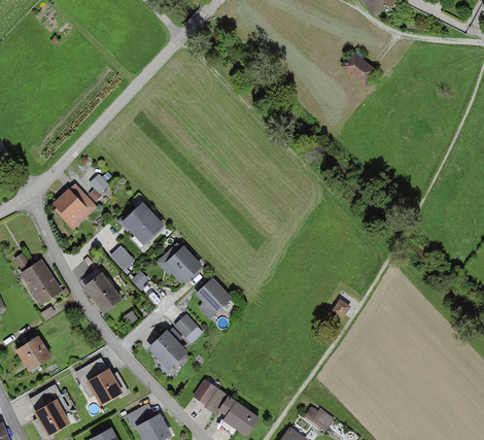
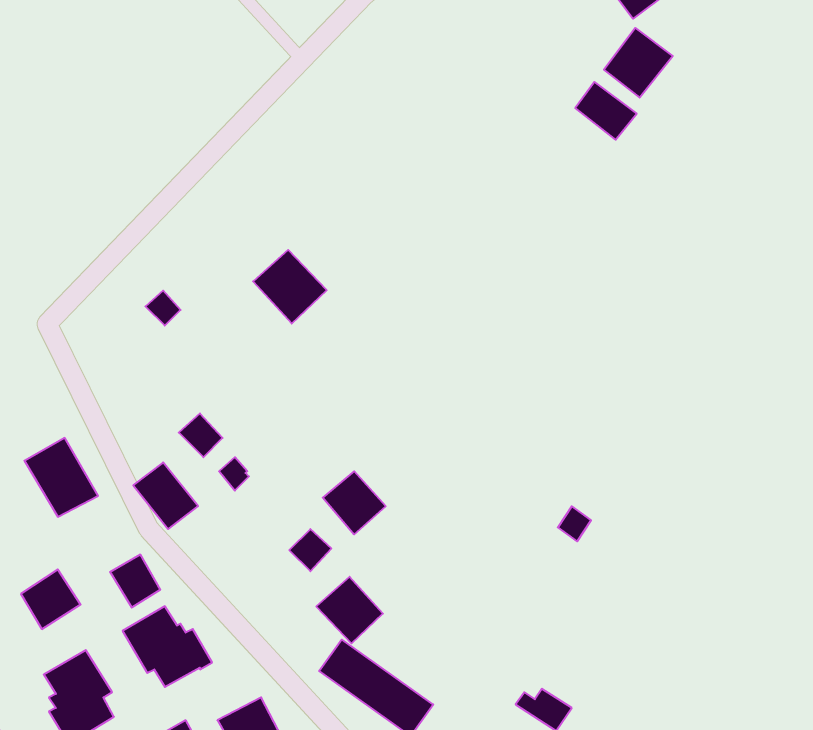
building: none -> [604,28,673,98]
building: [50,181,97,229] -> none
building: [122,202,165,245] -> [253,250,327,324]
building: [166,247,202,283] -> none
building: none -> [110,554,160,608]
building: [147,332,186,371] -> [316,577,383,643]

